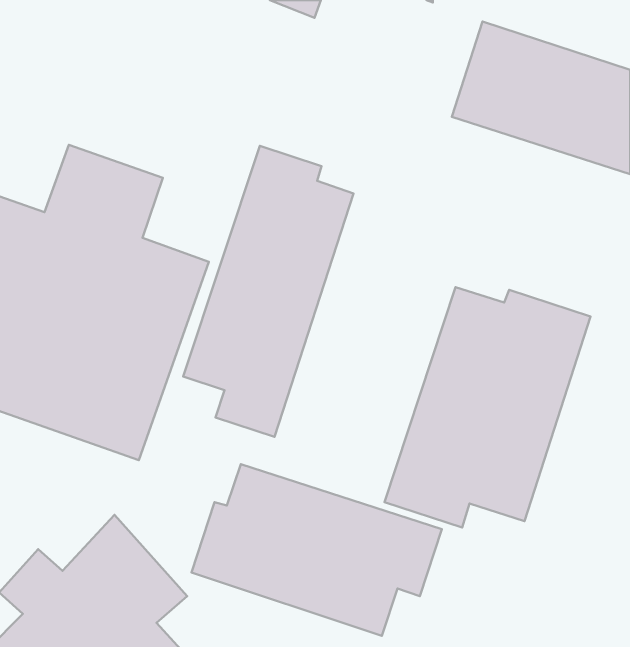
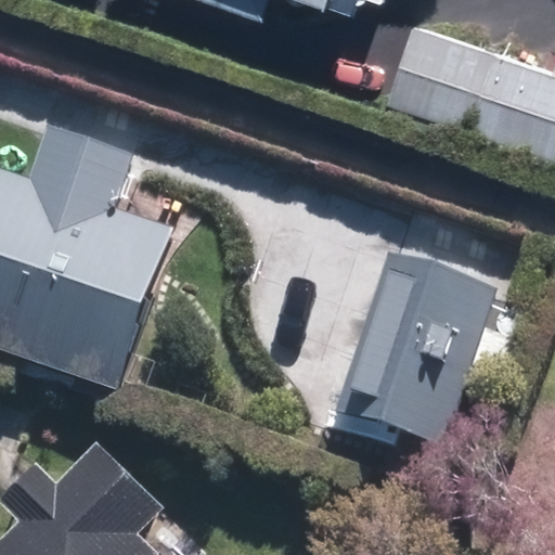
building: [183,146,354,437] -> none
building: [191,464,442,636] -> none

